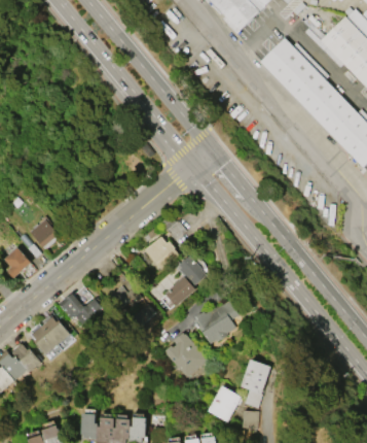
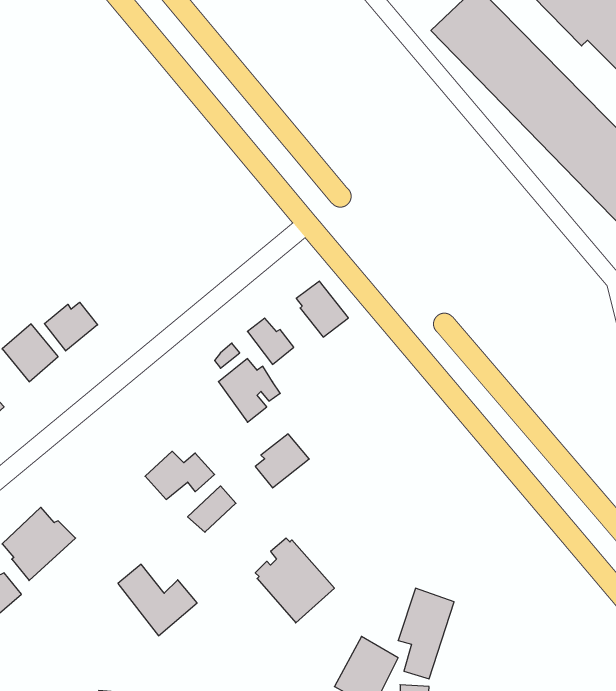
building: none -> [44,302,98,351]
building: [179,254,207,284] -> [296,281,348,337]
building: [61,292,103,330] -> [118,564,197,636]
building: [194,299,241,343] -> none

